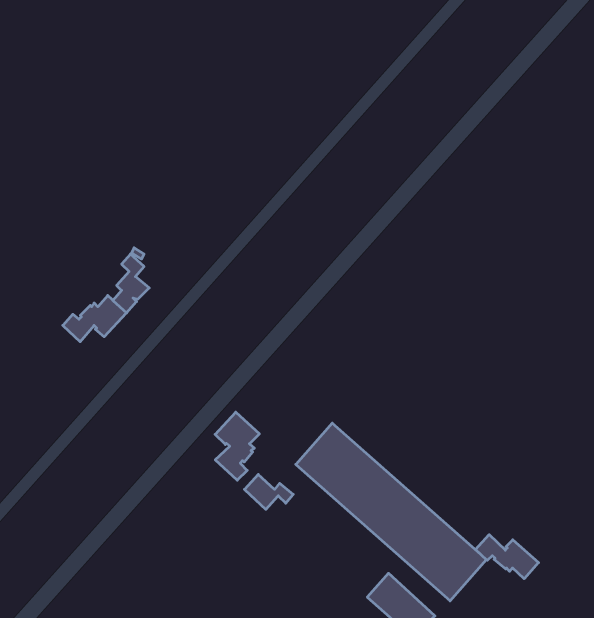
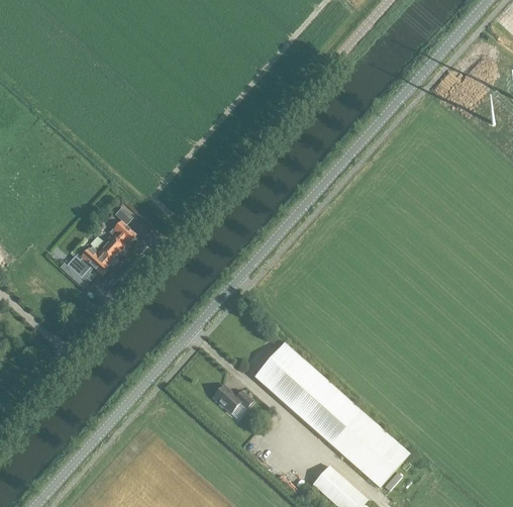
building: [215,412,259,480] -> none
building: [476,535,539,579] -> none

